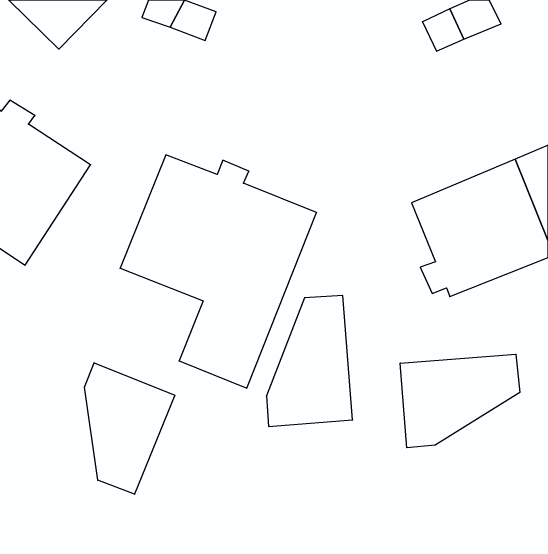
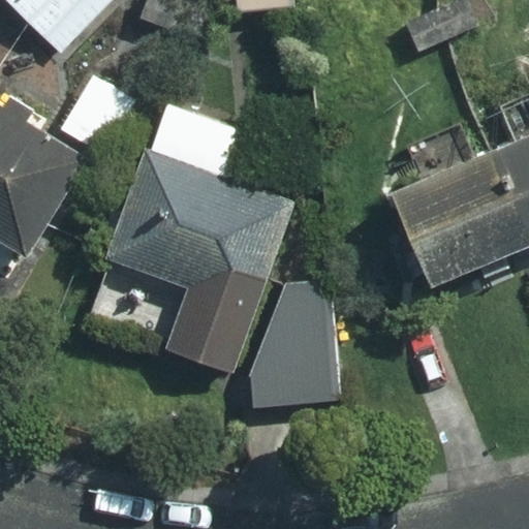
building: [400,354,520,448] -> none
building: [84,363,175,494] -> none

